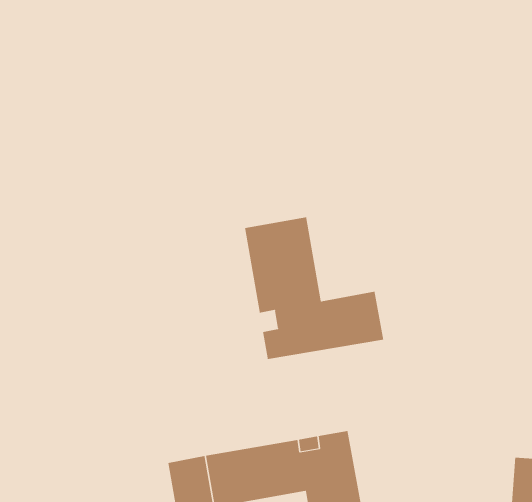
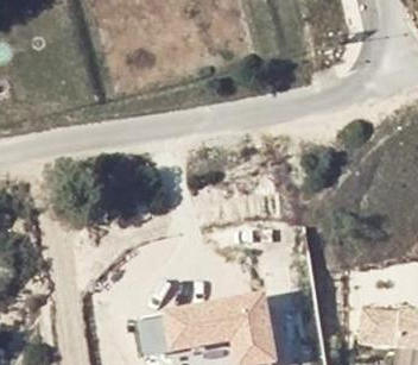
building: [244,217,384,360] -> none

